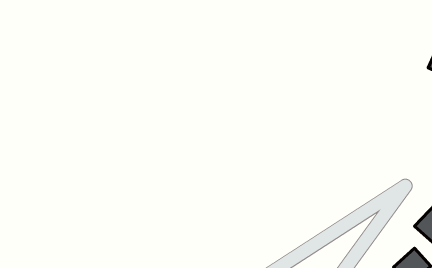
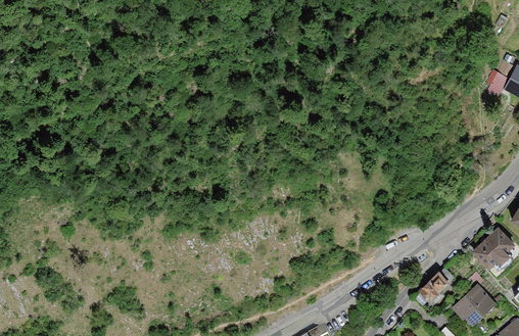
building: none -> [418,269,450,299]

